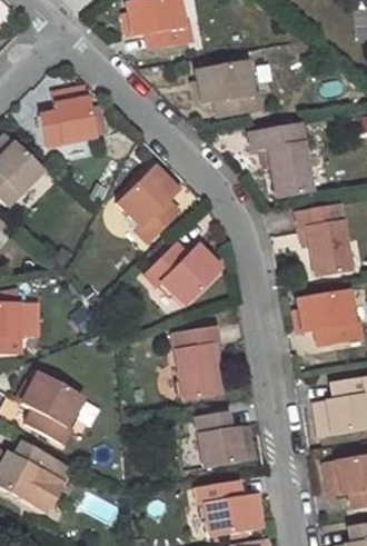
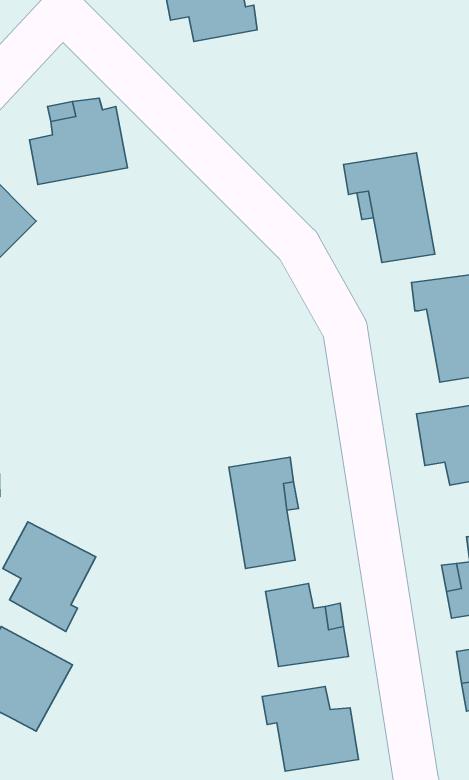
building: [198,60,260,118] -> none
building: [118,167,180,241] -> none
building: [147,244,222,304] -> none

